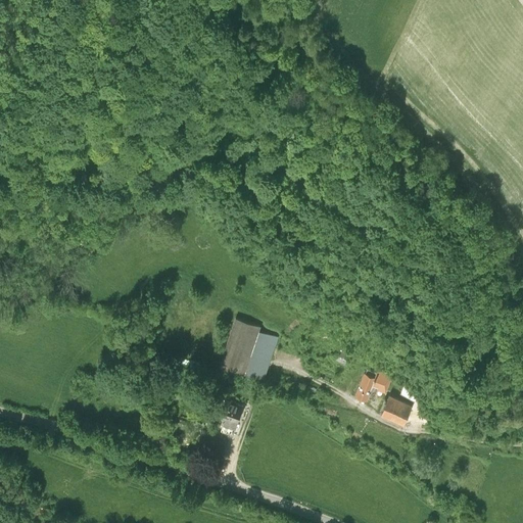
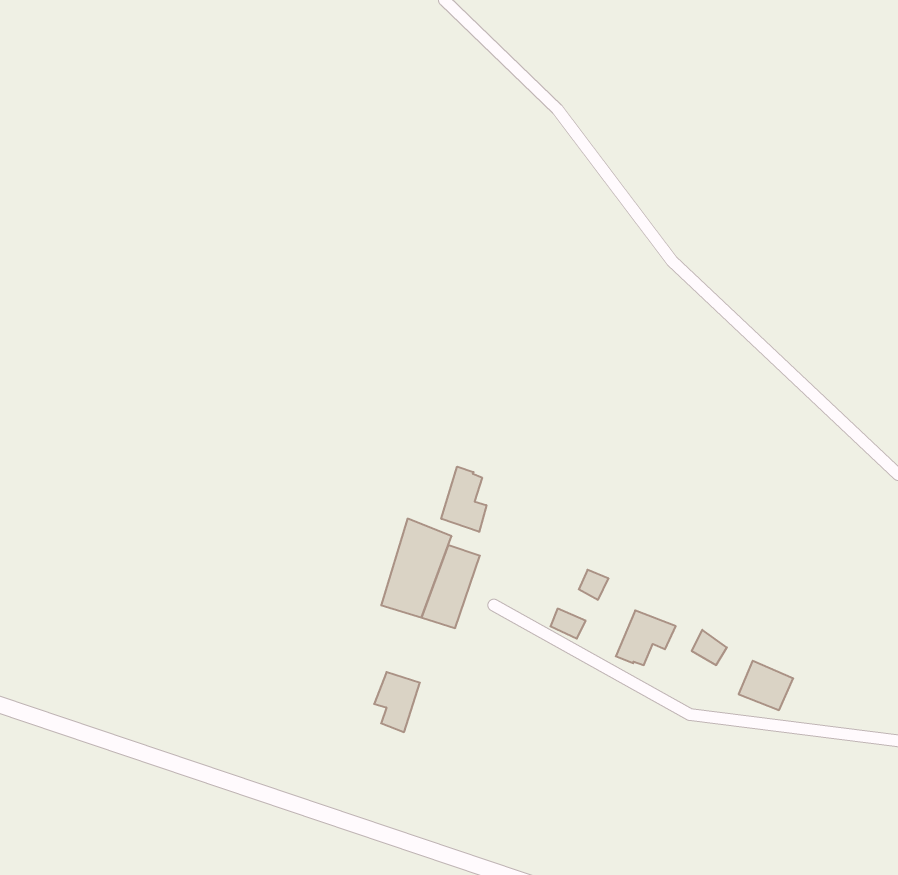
building: none -> [441,467,486,532]
building: [381,396,413,425] -> [739,661,793,710]

